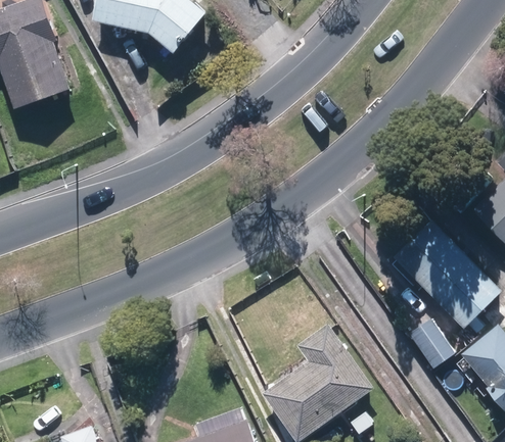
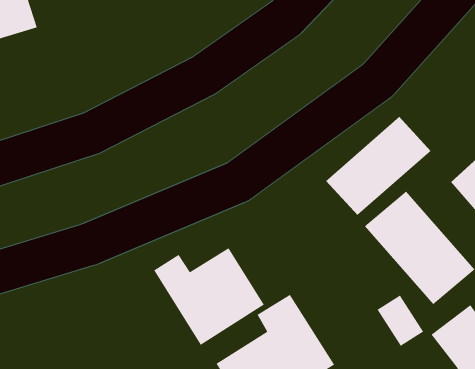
building: none -> [325,116,431,216]
building: none -> [153,247,265,346]

